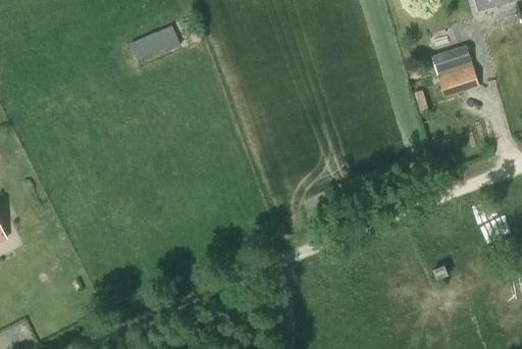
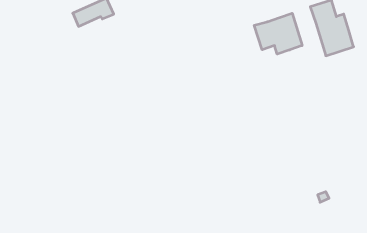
building: none -> [254,13,302,54]

